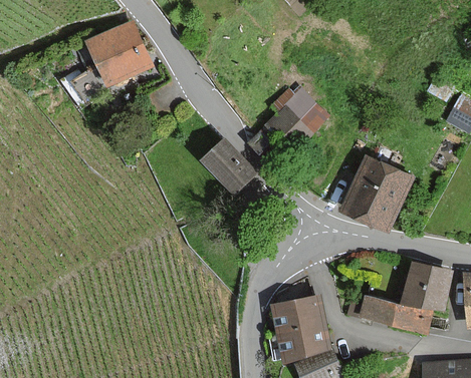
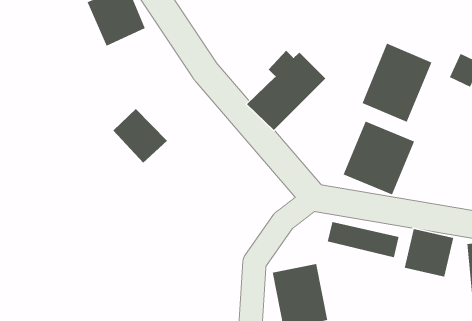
building: none -> [361,42,433,123]
building: [198,141,252,196] -> [112,108,168,163]
building: [361,295,432,331] -> [327,221,399,258]

